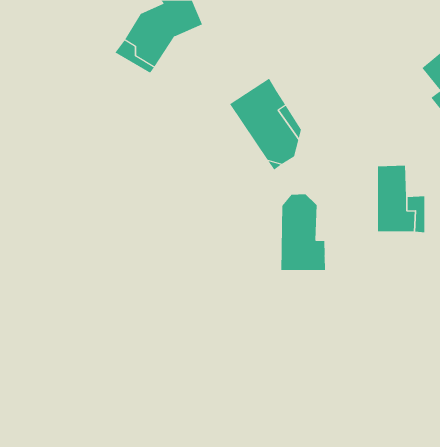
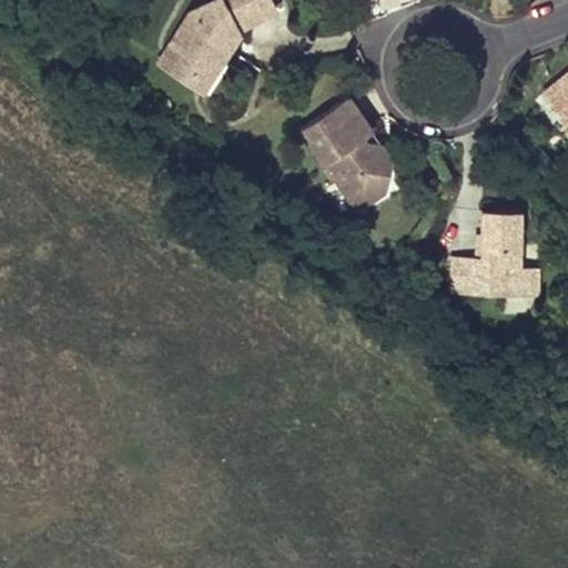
building: [281,194,326,271] -> none
building: none -> [458,253,487,294]

